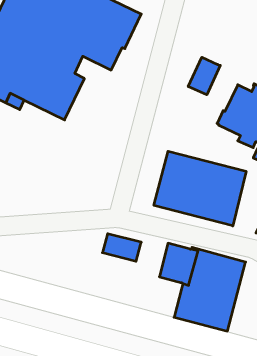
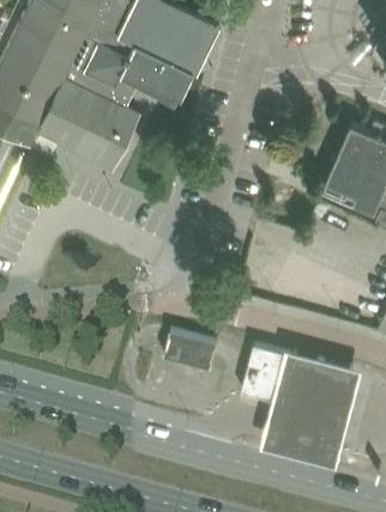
building: [188,57,220,95] -> none
building: [154,151,246,226] -> none

